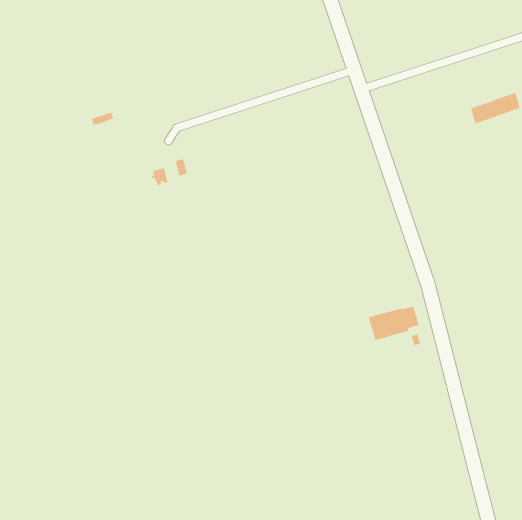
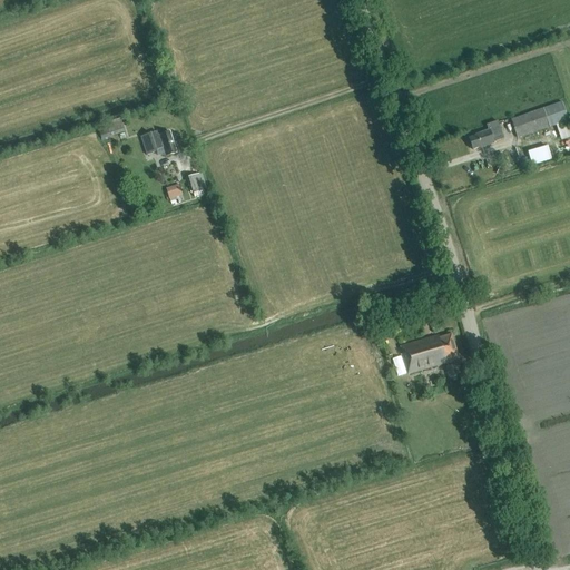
building: none -> [469,119,503,148]
building: none -> [141,129,176,155]

